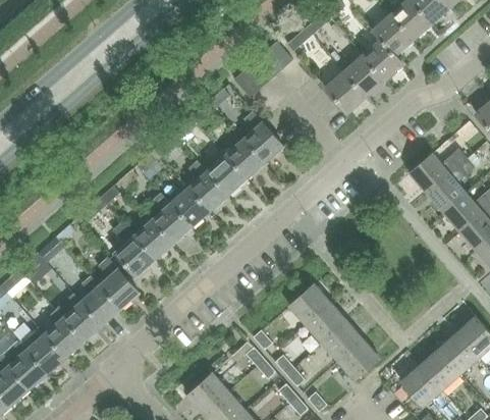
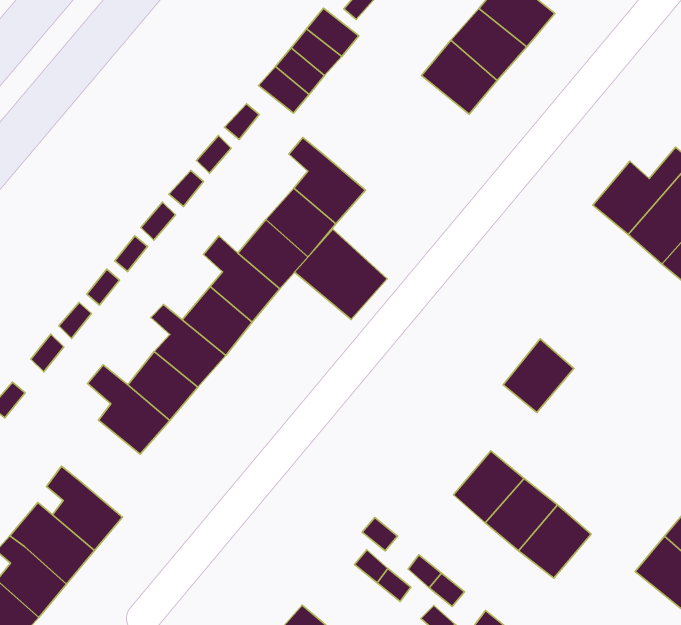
building: none -> [295,229,387,320]
building: [99,257,140,309] -> none
building: [290,283,331,324] -> [503,339,574,413]

